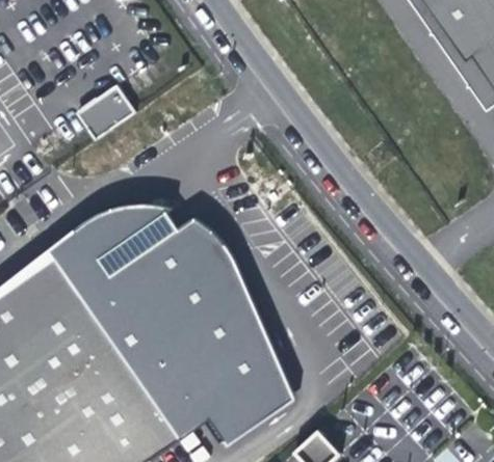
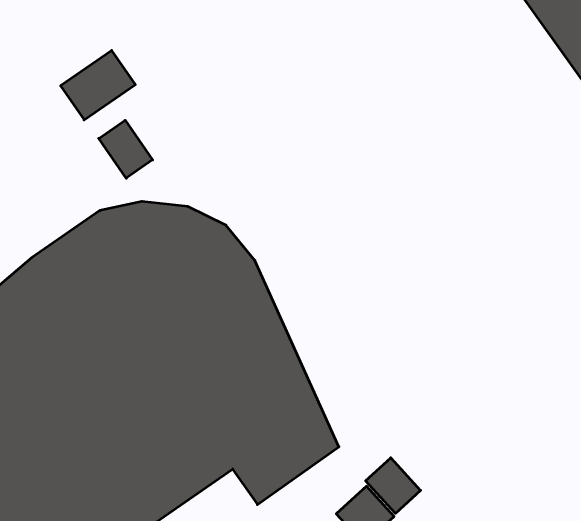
building: none -> [99,120,153,178]
building: none -> [366,458,421,513]

